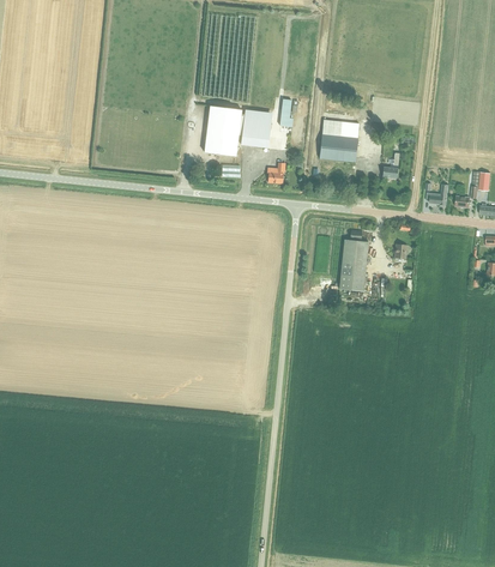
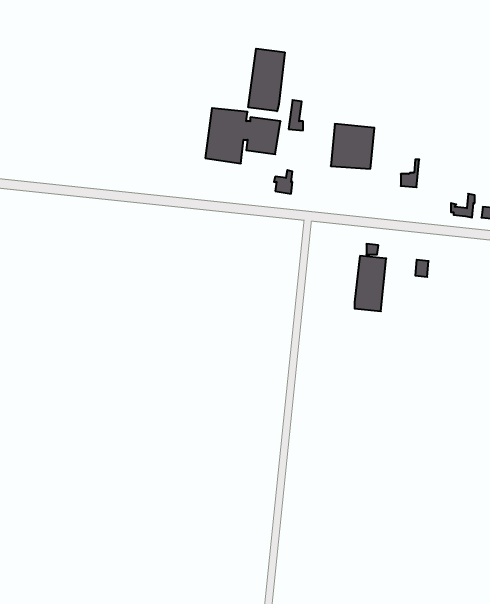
building: none -> [248,49,285,111]

